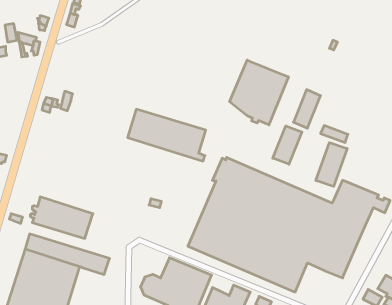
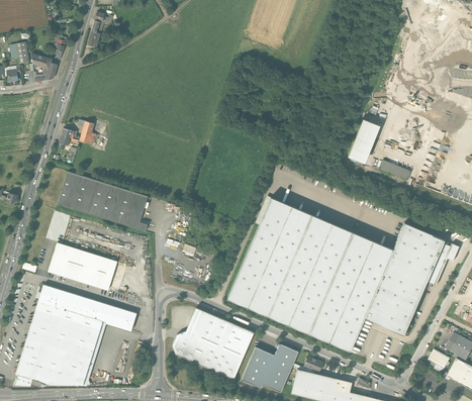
building: [230,60,288,125] -> none
building: [128,109,206,161] -> [58,172,148,231]
building: [273,126,302,164] -> none
building: [316,143,347,186] -> none

